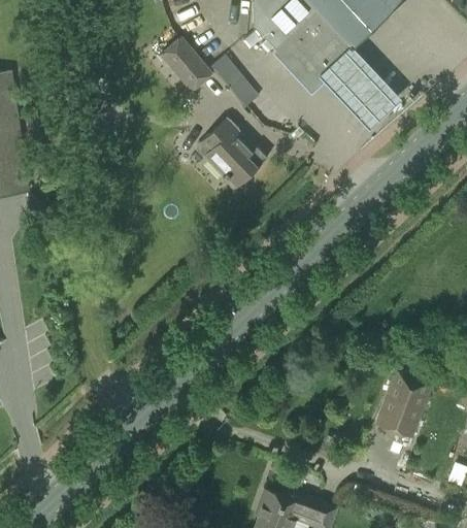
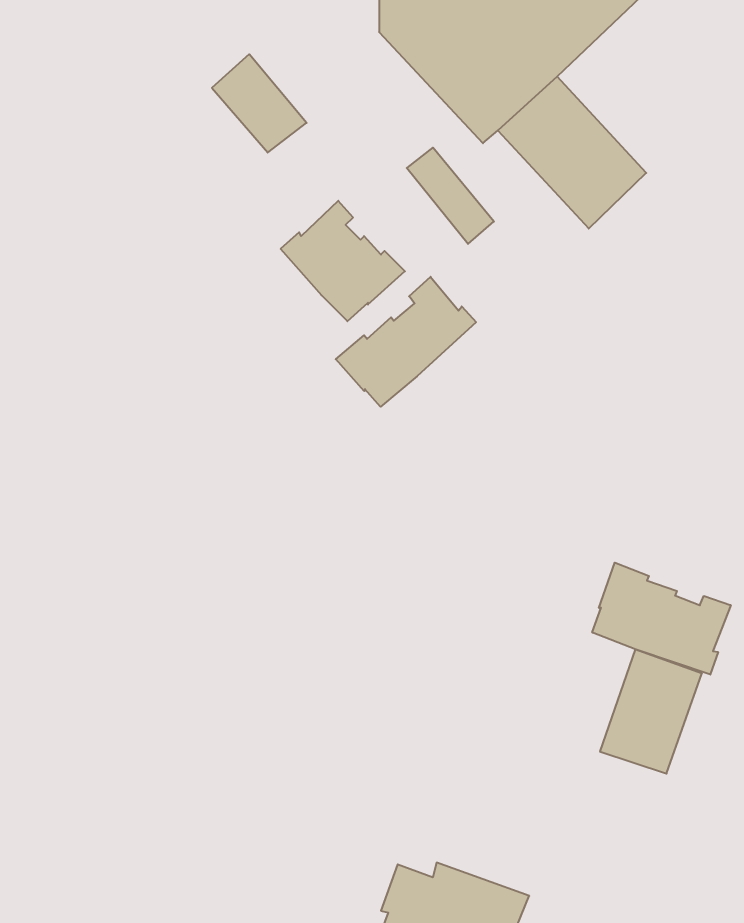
building: [212,52,261,105] -> [407,148,494,244]
building: none -> [336,277,476,407]
building: none -> [592,563,731,675]

